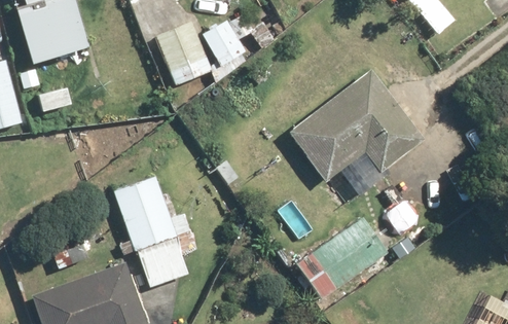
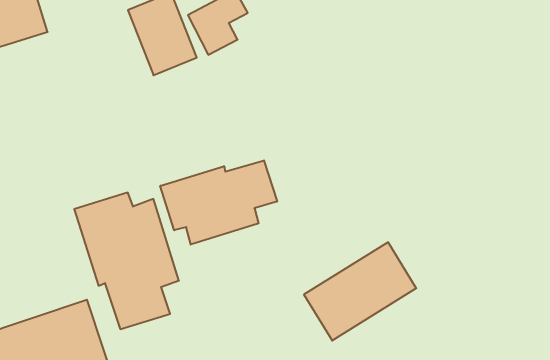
building: [290,67,426,202] -> none
building: none -> [160,160,277,245]

